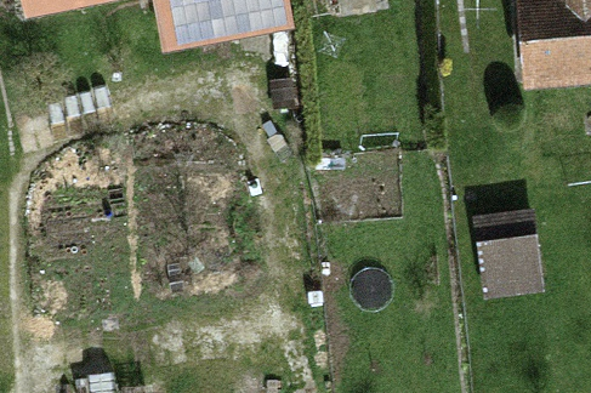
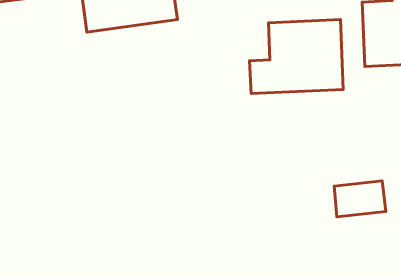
building: none -> [249,19,343,93]

